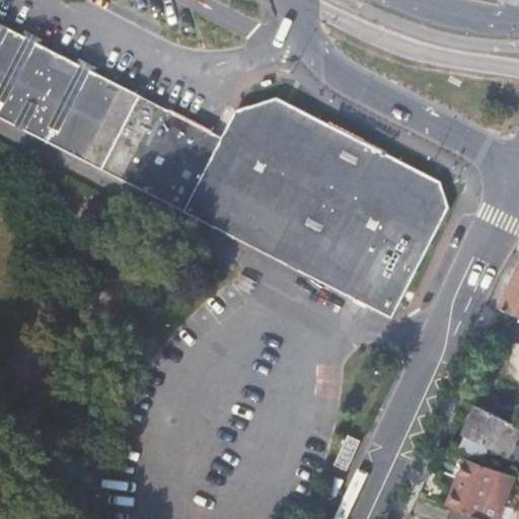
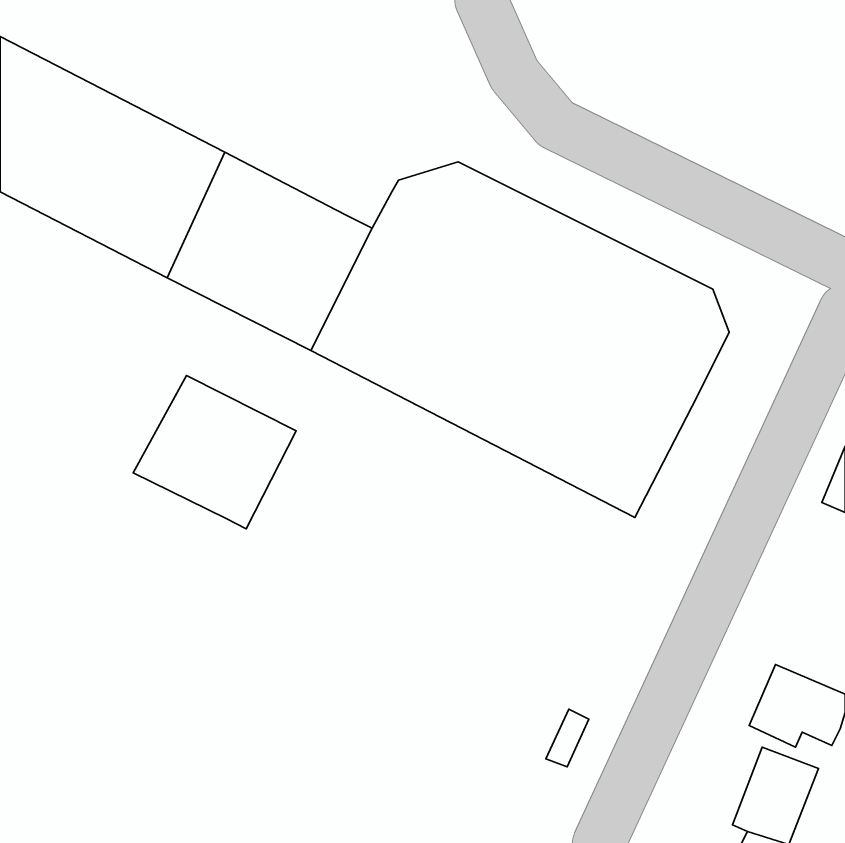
building: none -> [133,376,296,529]

